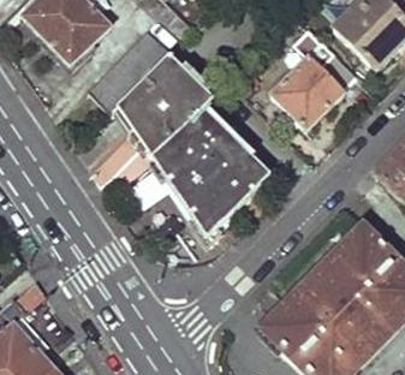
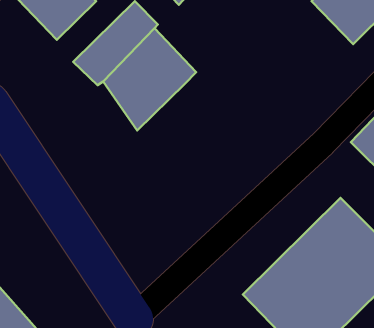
building: [269,46,356,123] -> none
building: [153,109,269,236] -> none

